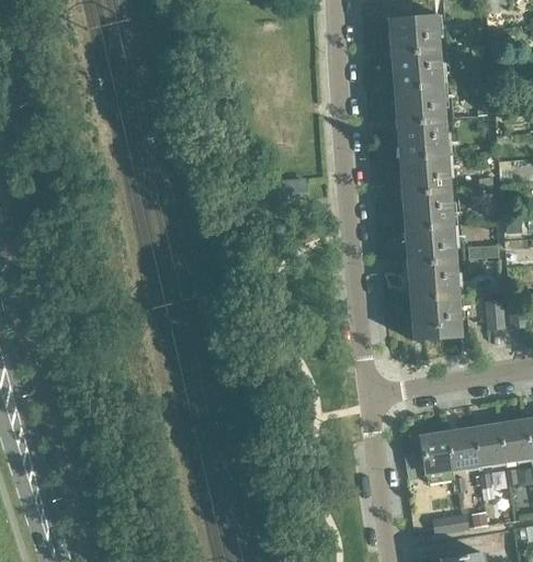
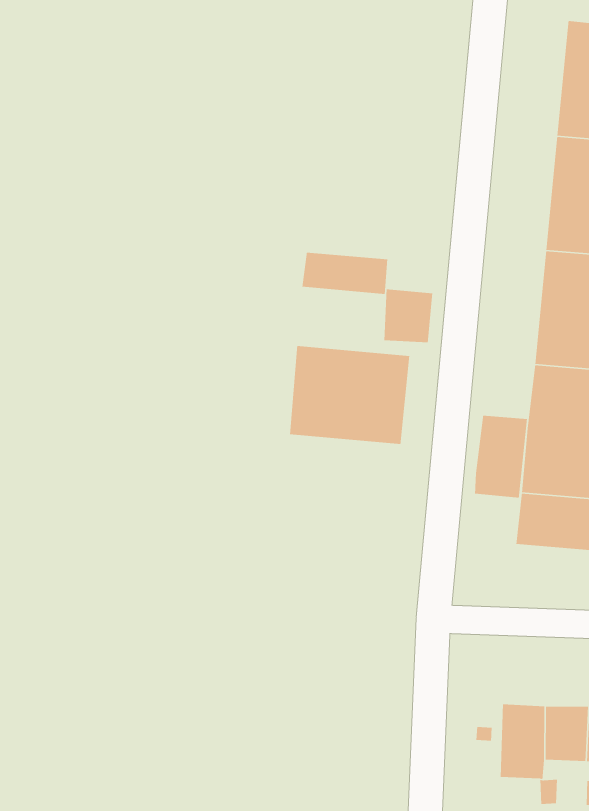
building: none -> [384,288,433,343]
building: none -> [289,345,410,445]
building: none -> [474,415,528,498]

